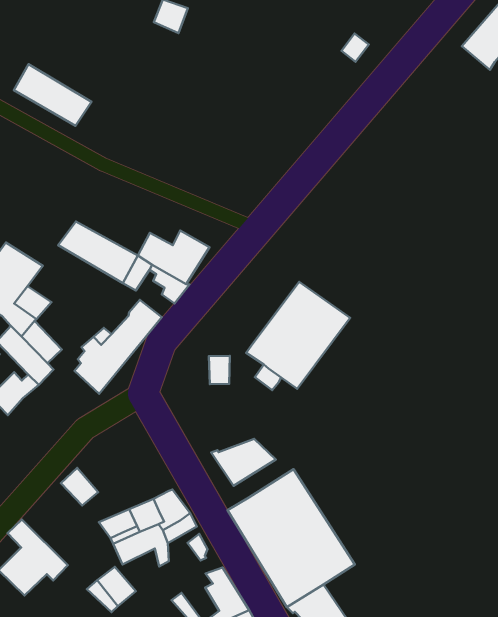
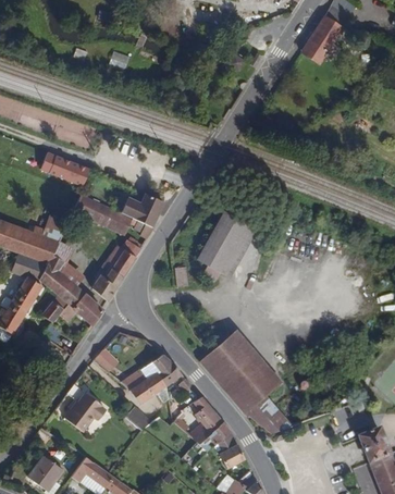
building: [14,64,91,126] -> [40,151,89,185]
building: none -> [62,289,103,322]
building: [211,439,276,486] -> none

